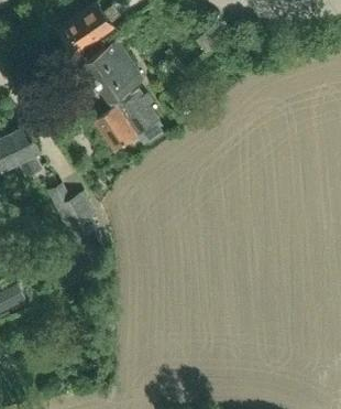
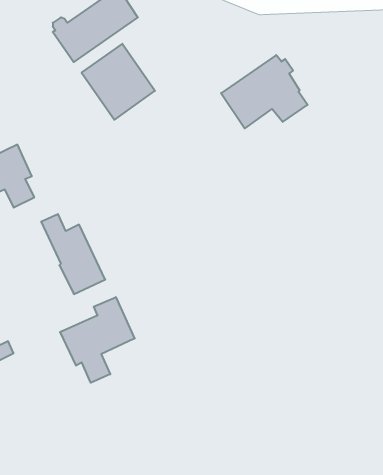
building: [92,89,165,151] -> [221,55,308,128]
building: none -> [60,297,135,383]

